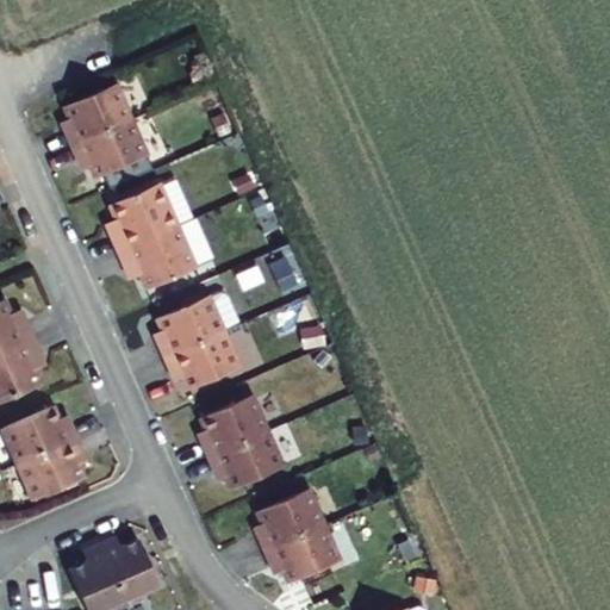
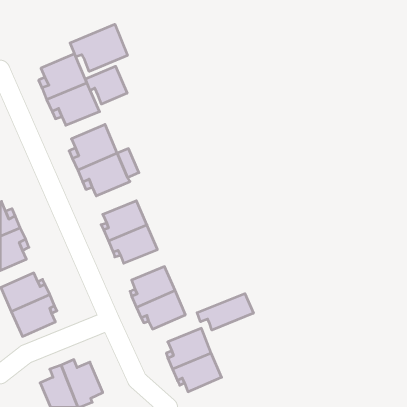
building: none -> [70,24,127,71]
building: none -> [86,66,127,104]
building: none -> [197,294,253,330]

